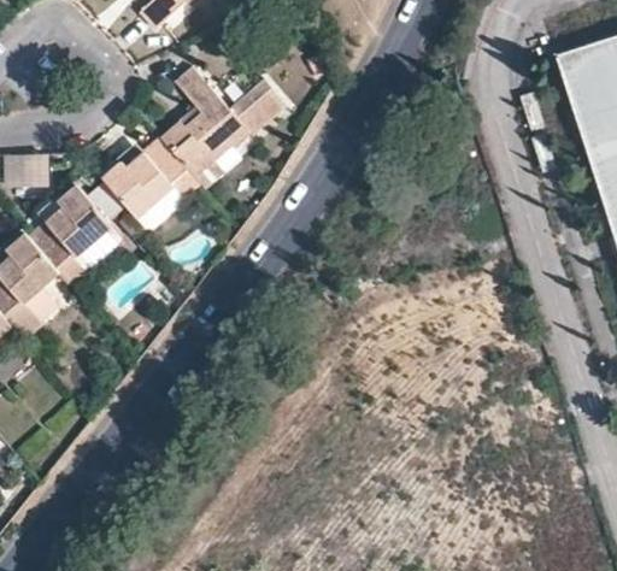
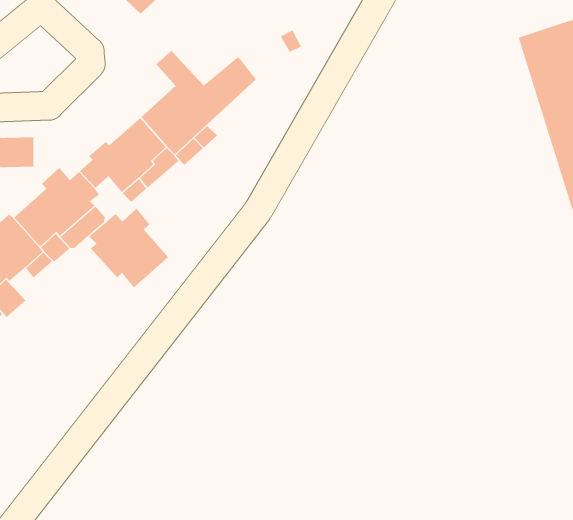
building: none -> [88,208,169,288]

